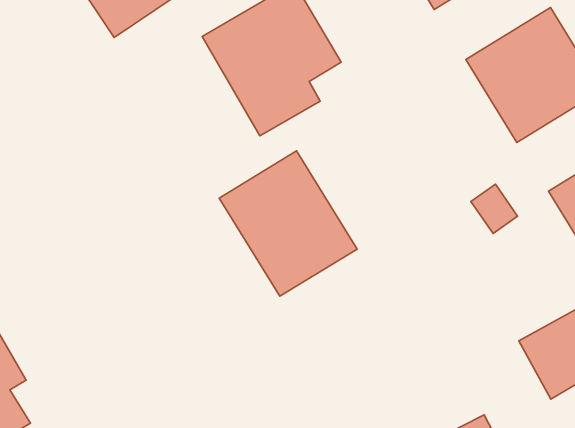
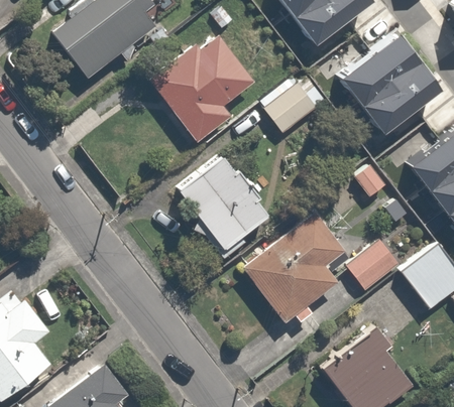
building: none -> [261,72,326,133]
building: none -> [241,207,345,322]
building: none -> [349,235,408,292]

